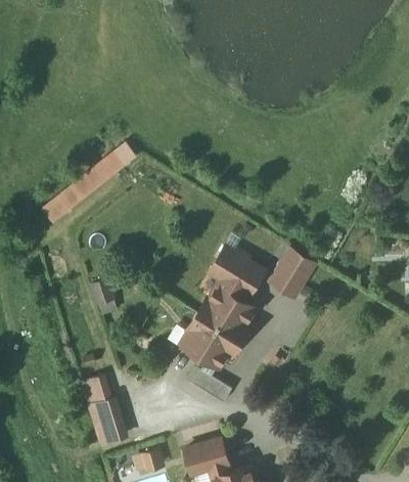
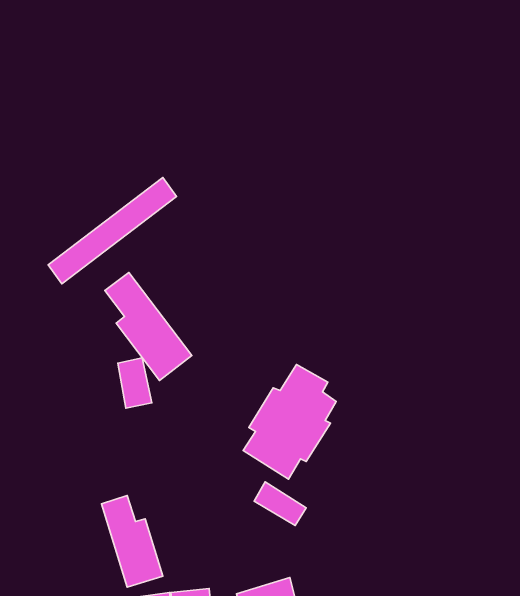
building: none -> [105,273,192,380]
building: [213,247,266,294] -> none
building: [274,249,316,295] -> none

